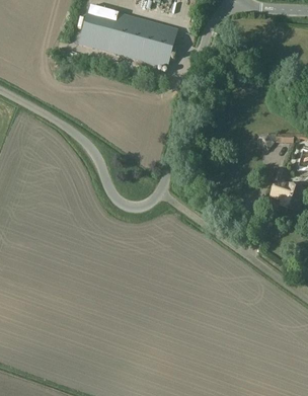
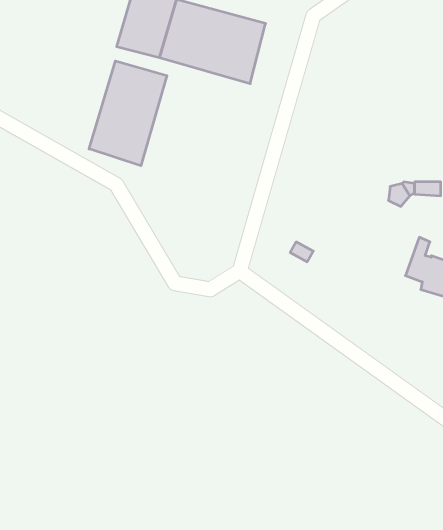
building: none -> [89,61,167,166]

